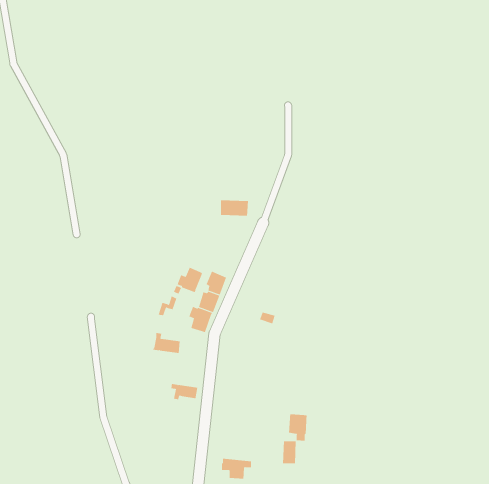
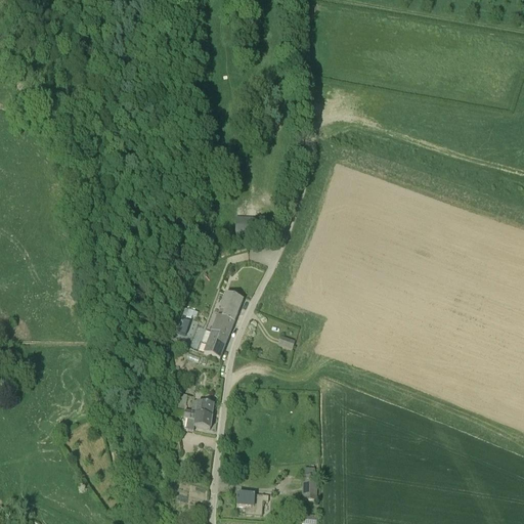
building: [177,267,203,293] -> none
building: [153,333,180,354] -> [183,392,213,414]
building: [288,413,307,441] -> none

